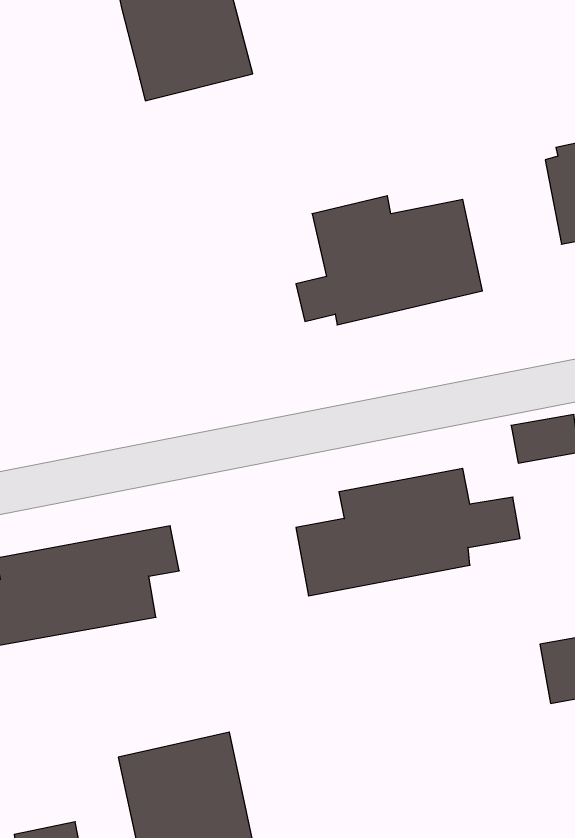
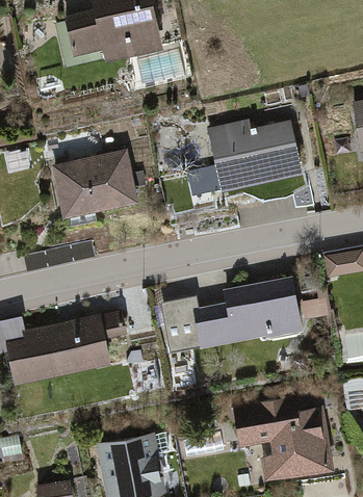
building: none -> [62,10,105,59]
building: none -> [50,149,141,228]
building: none -> [159,300,203,357]
building: none -> [232,395,335,485]

